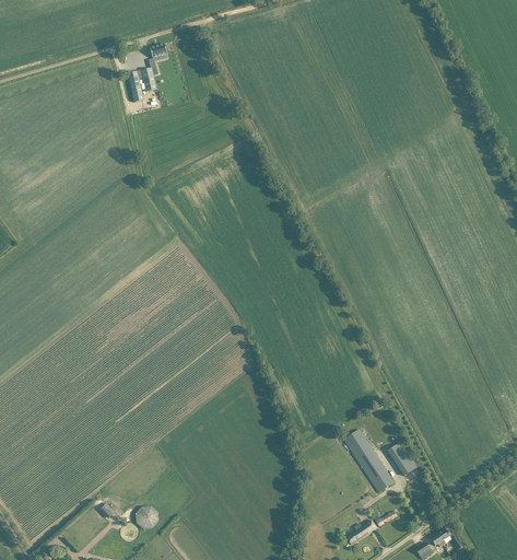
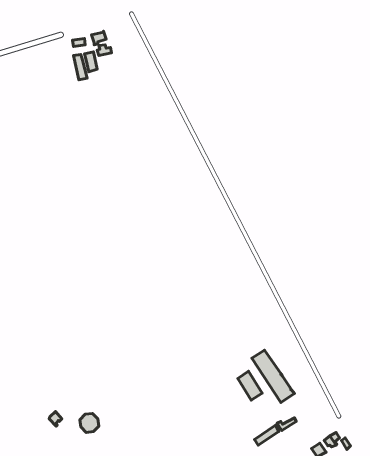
building: [387,441,416,476] -> [238,371,262,400]

